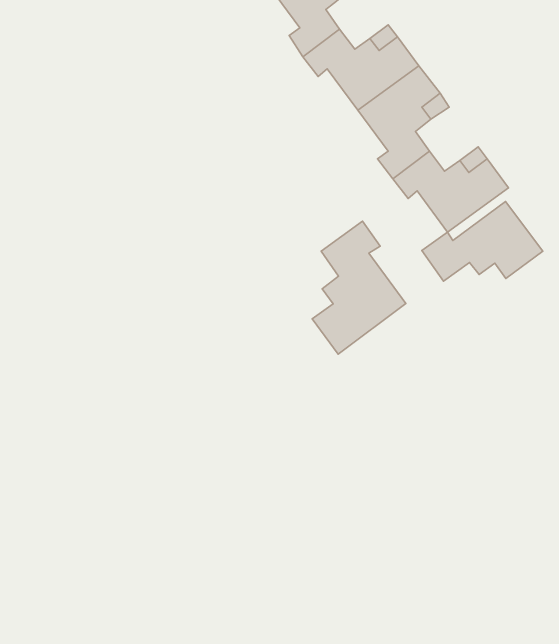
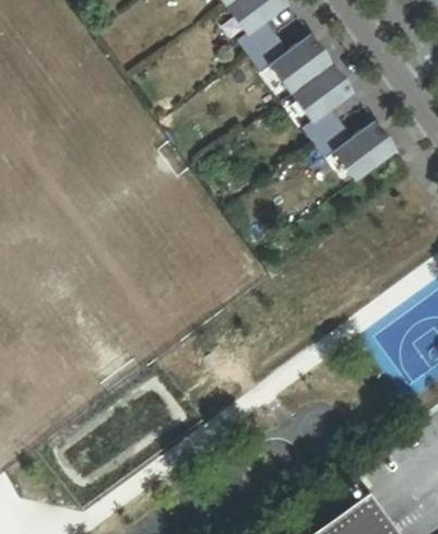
building: [422,202,543,281] -> none
building: [312,221,406,354] -> none

